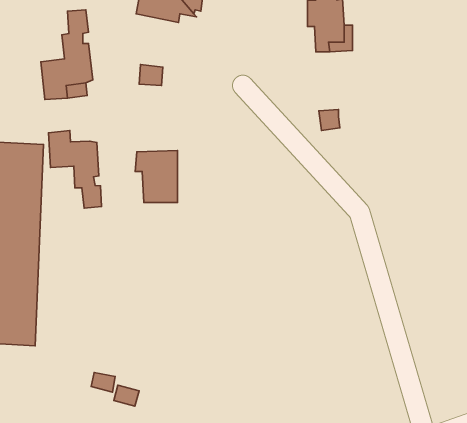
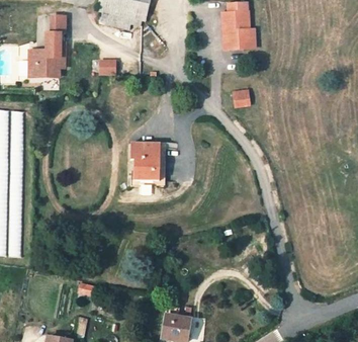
building: [48,130,102,208] -> none
building: [135,150,177,202] -> [139,138,169,175]

